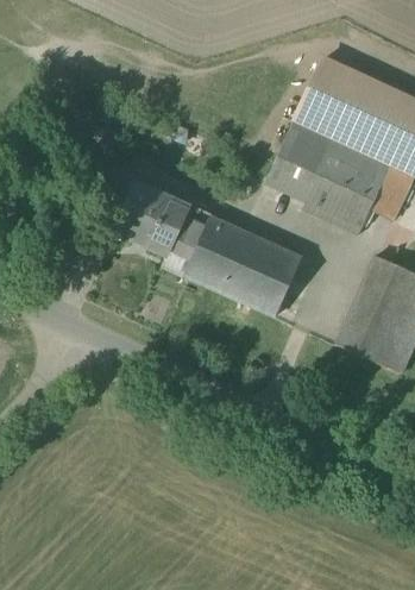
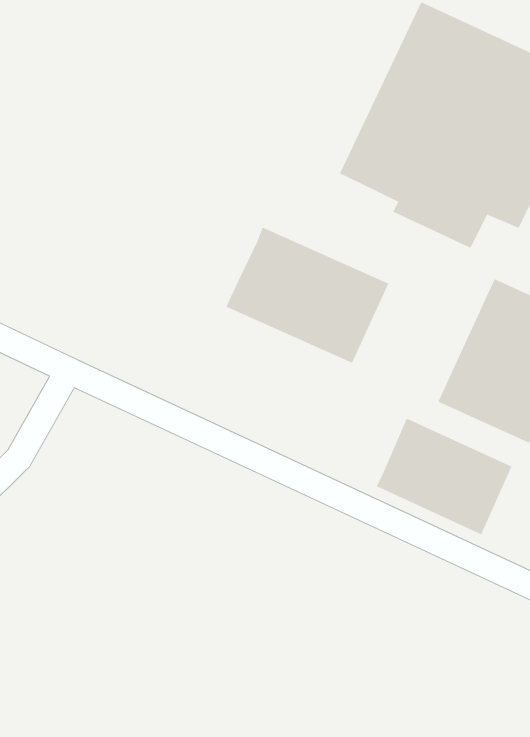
building: [115,183,208,257] -> none
building: none -> [376,418,512,535]

